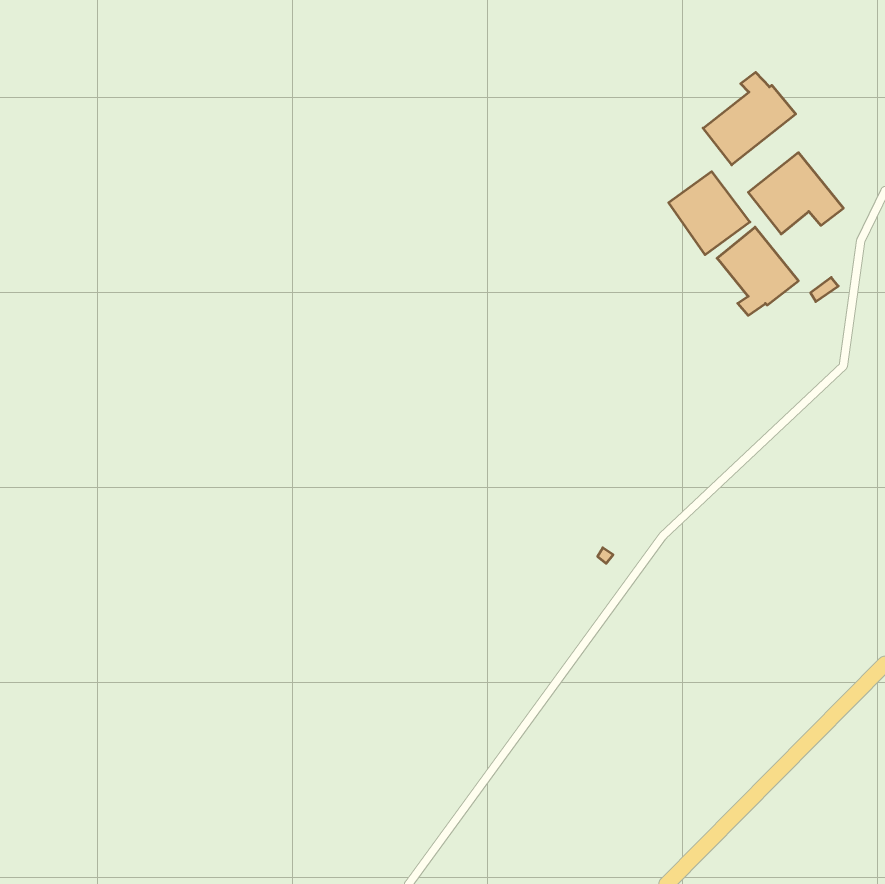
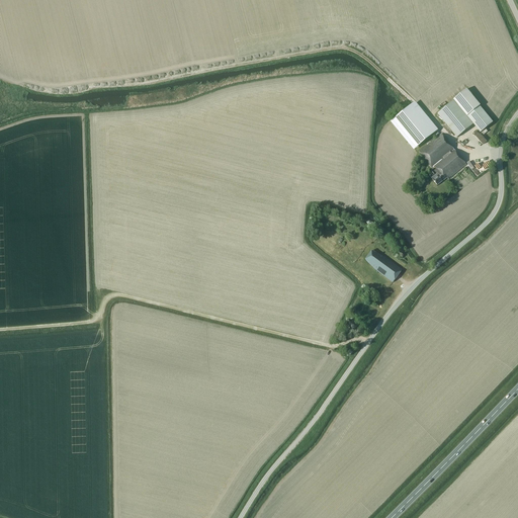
building: [703,72,796,165] -> none
building: none -> [361,247,398,278]

